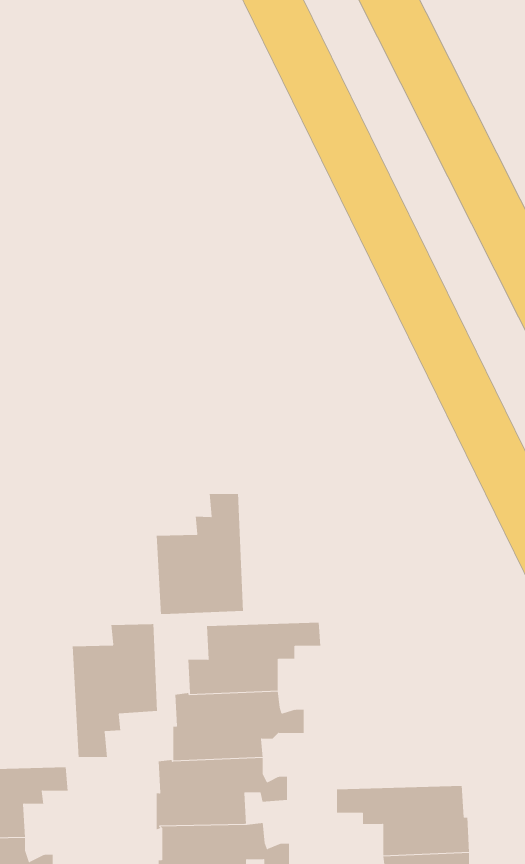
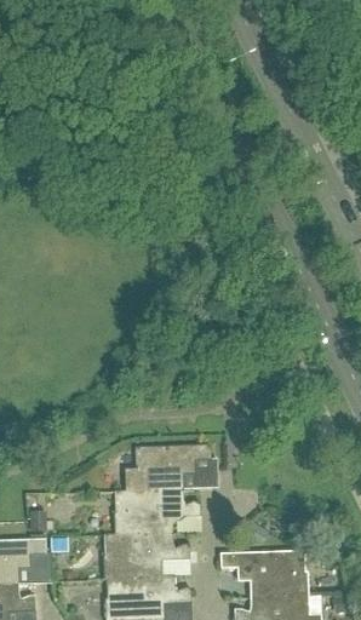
building: [156,493,243,615] -> none
building: [72,623,157,758] -> none

